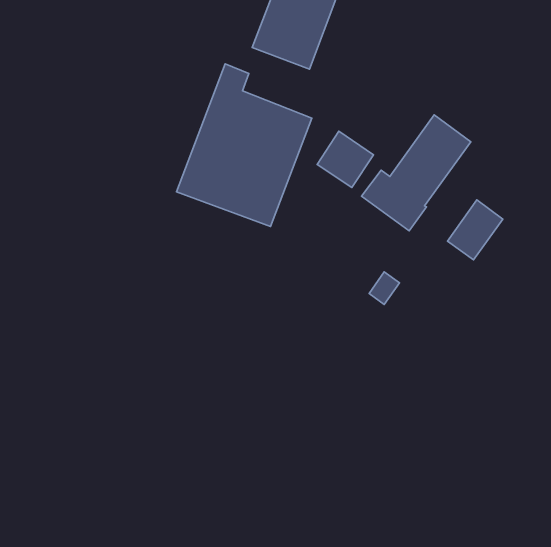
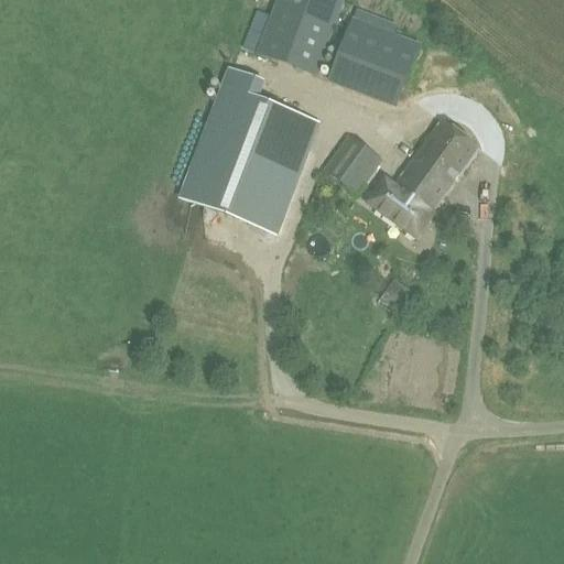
building: none -> [327,14,420,104]
building: [448,200,503,260] -> none

